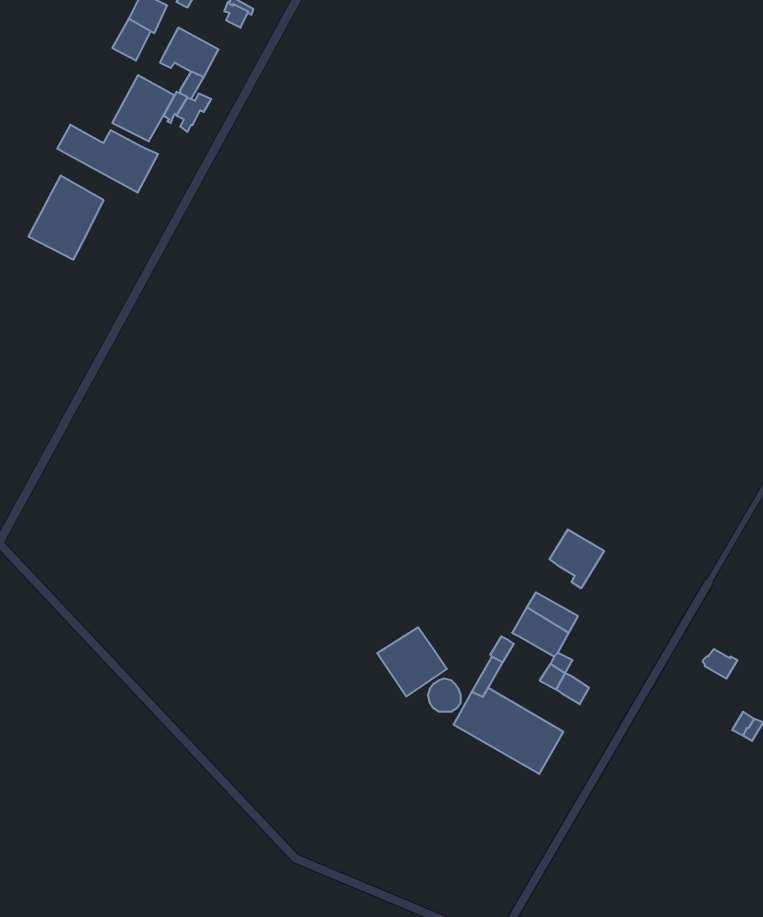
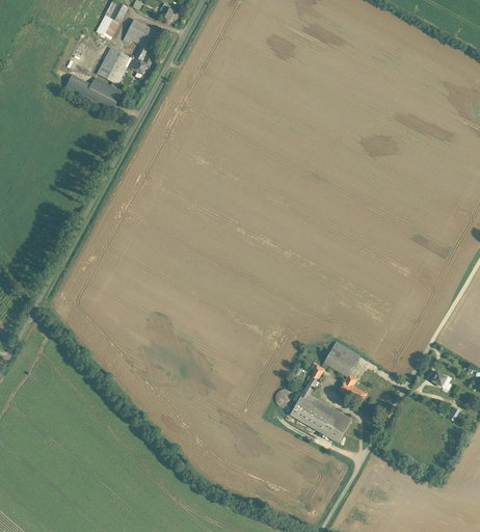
building: [29,175,103,260] -> none
building: [550,529,604,588] -> none
building: [377,627,447,696] -> none

